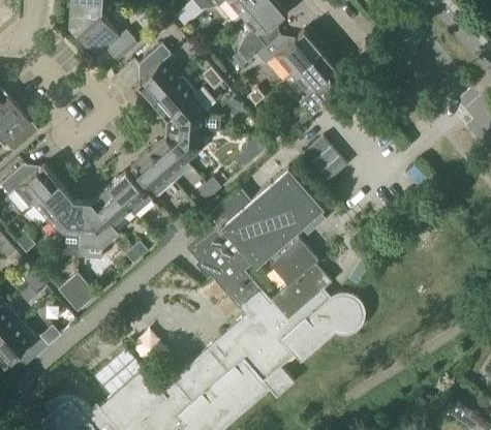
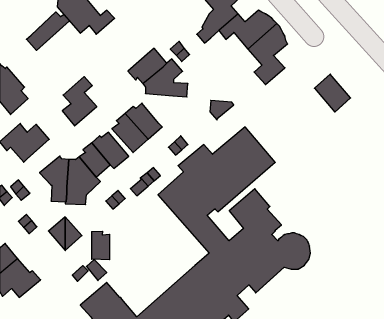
building: none -> [26,12,69,50]
building: [136,44,177,102] -> [62,77,97,126]
building: [167,128,204,163] -> none
building: [304,136,346,181] -> [314,74,351,112]
building: [33,182,71,221] -> none
building: none -> [92,231,110,260]

